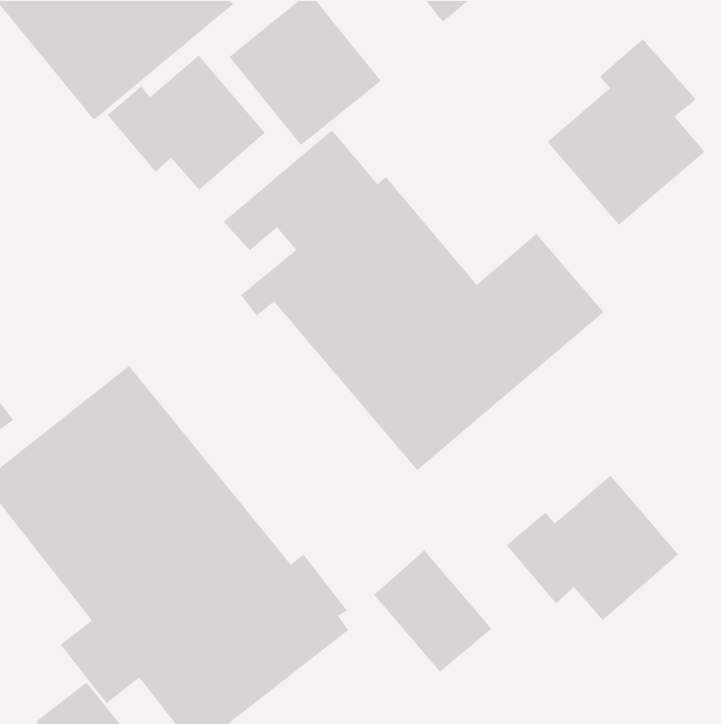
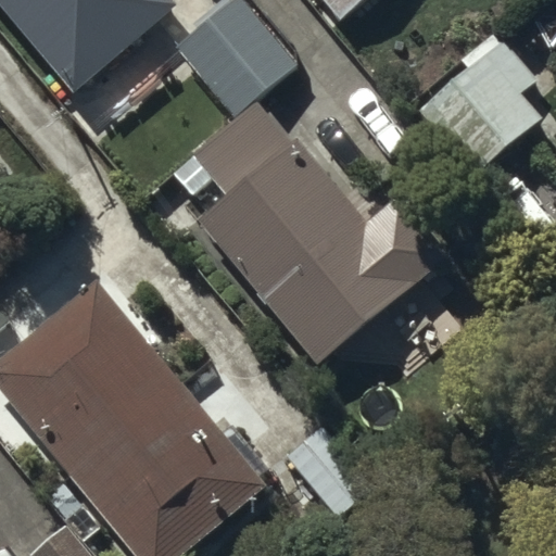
building: [107,55,266,191] -> none
building: [506,475,679,621] -> none

